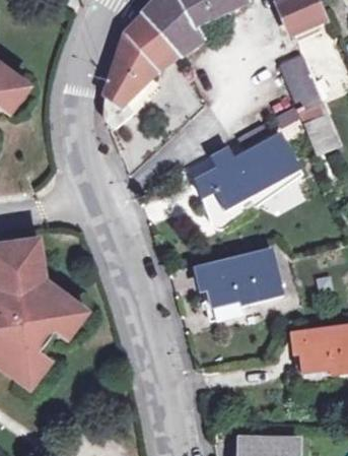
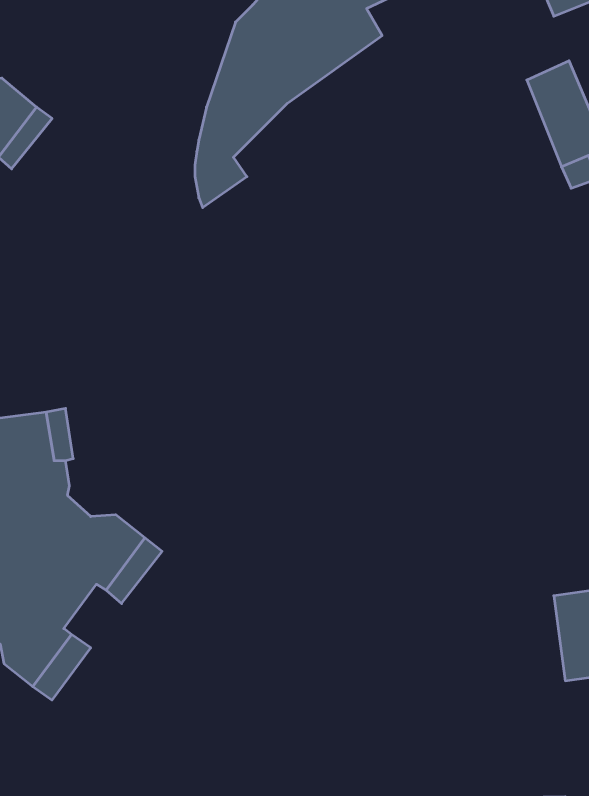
building: [197,133,302,216] -> none
building: [204,251,283,307] -> none

